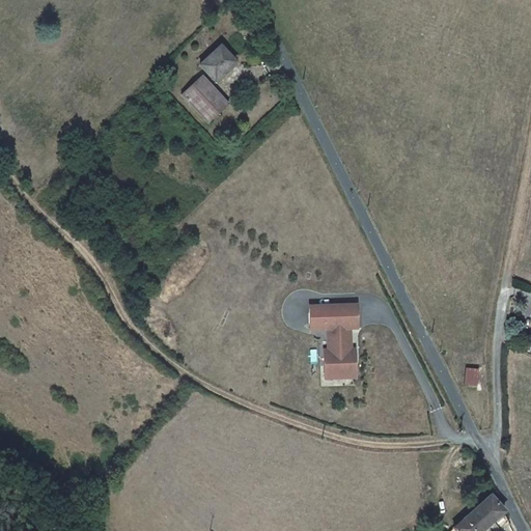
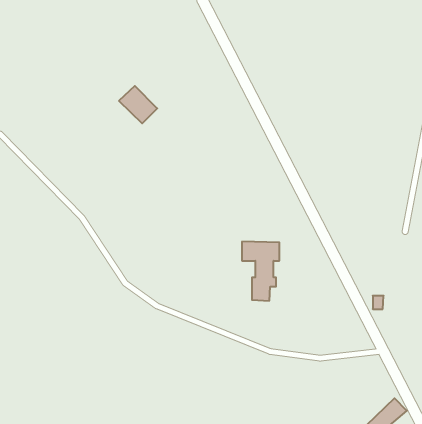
building: [203,44,239,78] -> none
building: [185,74,232,120] -> [119,86,157,123]

